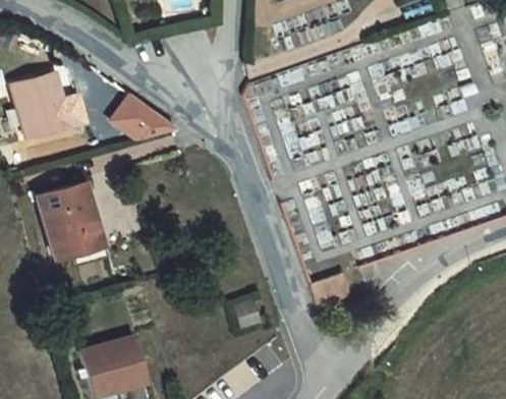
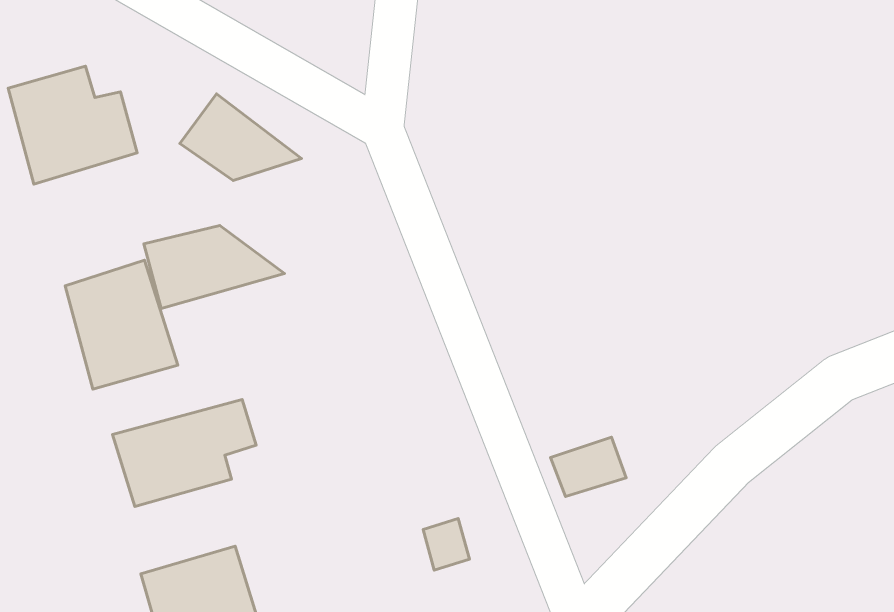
building: none -> [144,226,285,308]
building: none -> [113,399,256,506]

